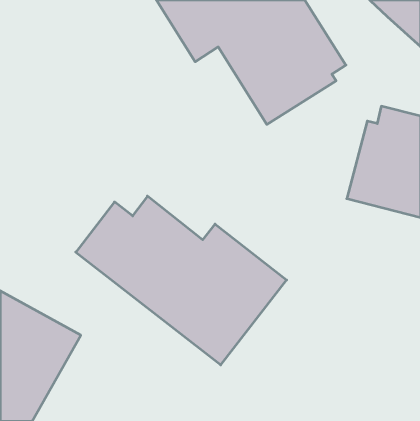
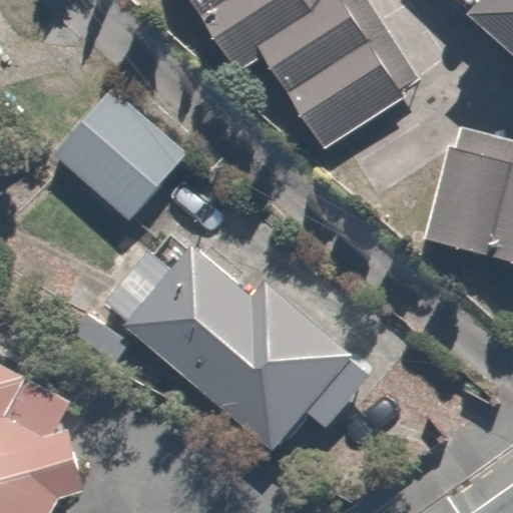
building: none -> [41,81,184,221]

